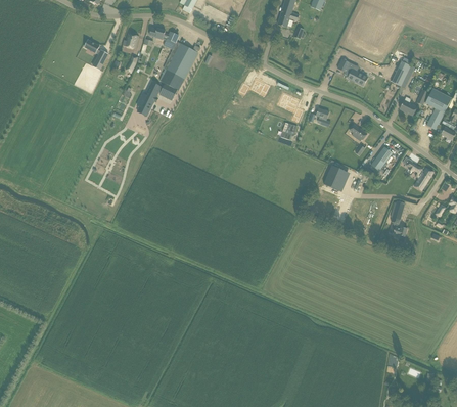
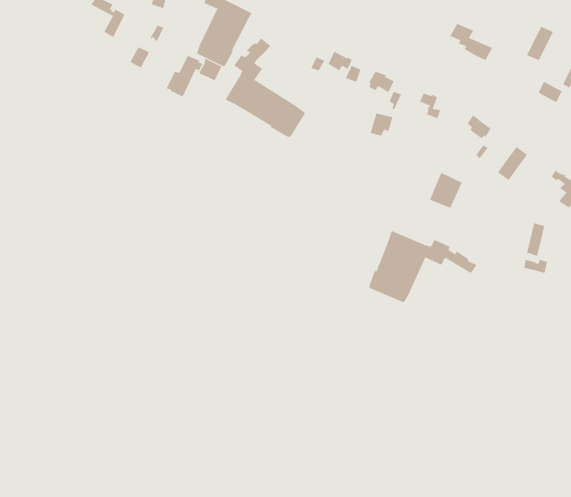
building: none -> [225,38,306,138]
building: none -> [368,230,477,303]

